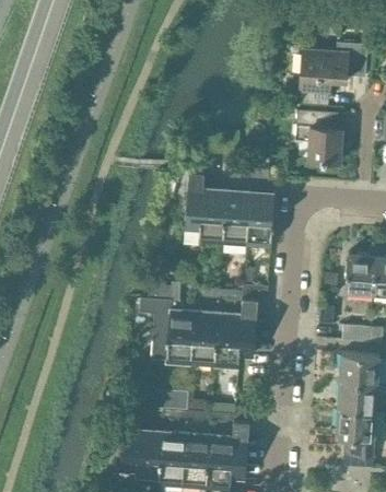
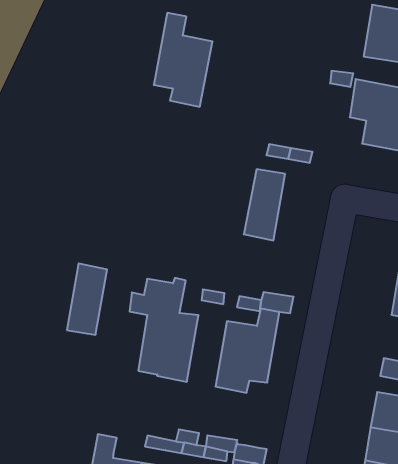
building: [184,171,226,242] -> [154,13,213,107]
building: [246,190,273,245] -> none
building: [190,309,217,364] -> [67,263,107,335]

